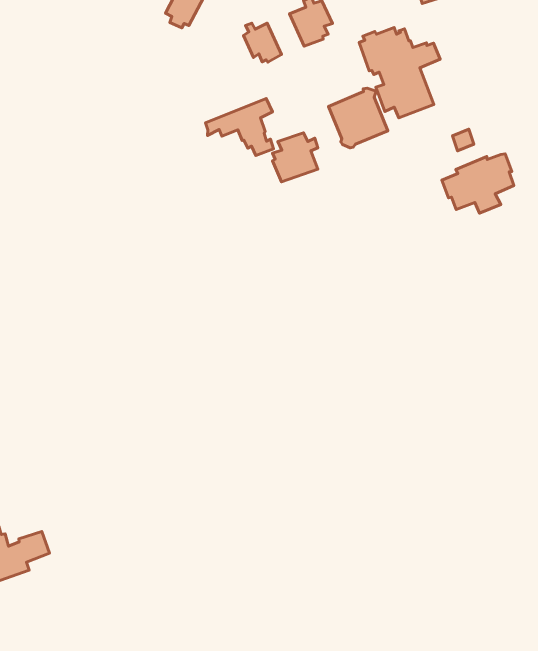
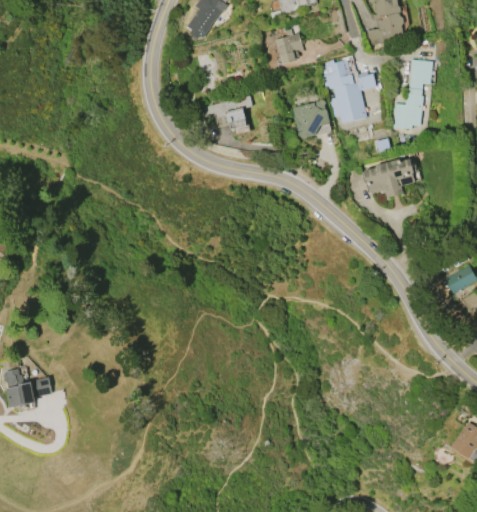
building: none -> [393,60,433,129]
building: [243,23,281,62] -> none
building: [273,133,318,182] -> none

